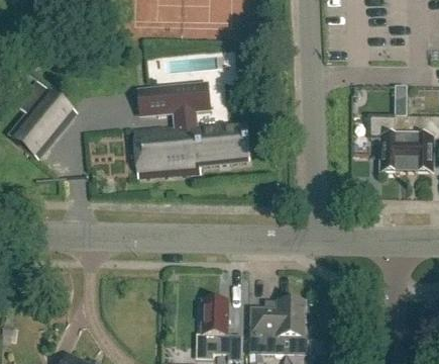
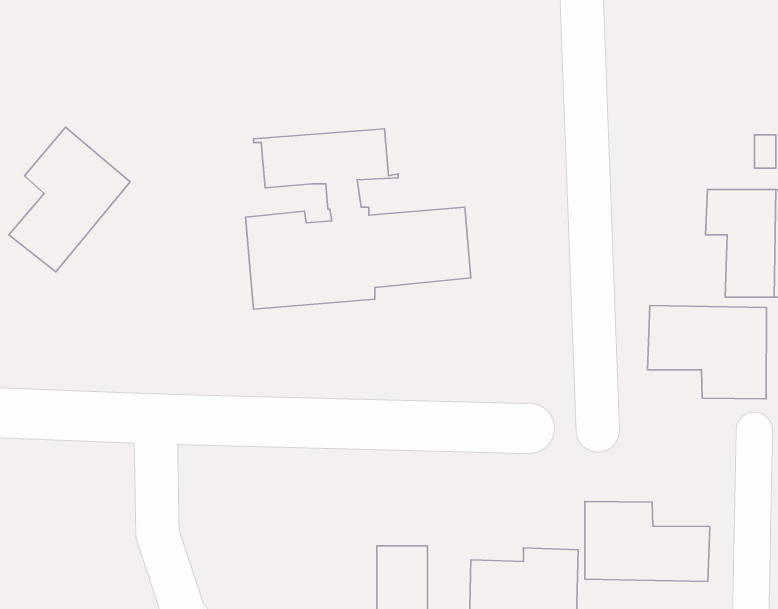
building: none -> [648,305,767,399]
building: none -> [585,501,710,581]

